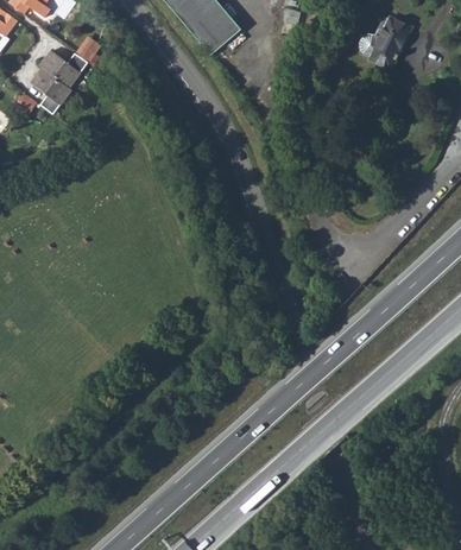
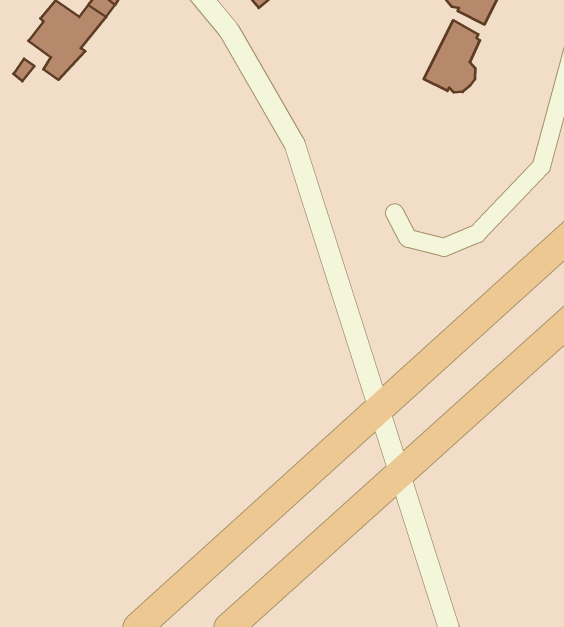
building: none -> [424,20,480,92]

